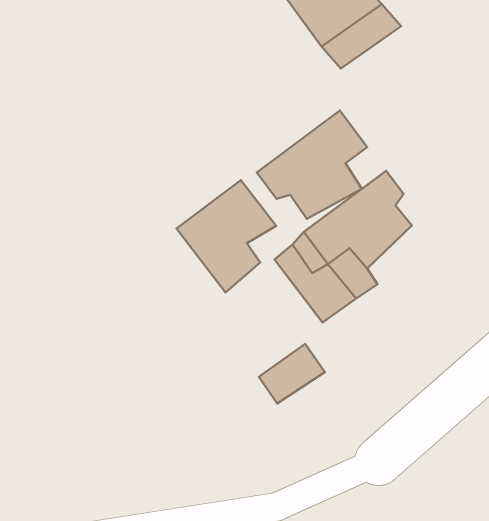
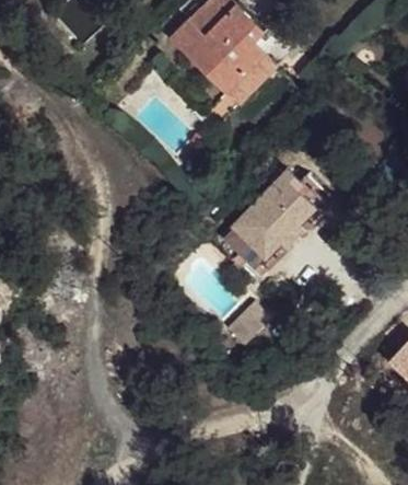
building: [257,111,367,219] -> none
building: [176,180,276,292] -> none

